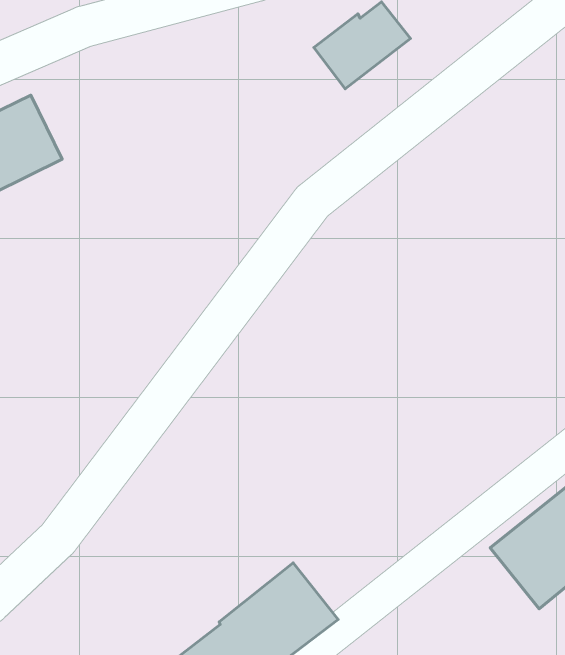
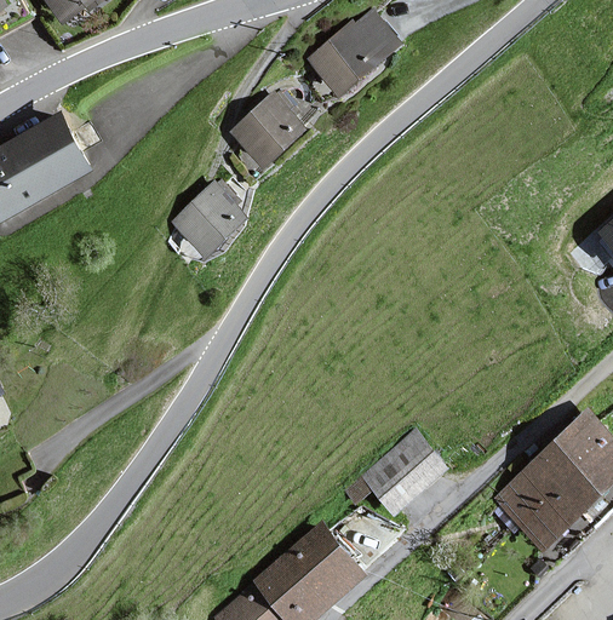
building: none -> [234,96,305,166]
building: none -> [174,185,246,257]
building: none -> [362,432,443,512]

